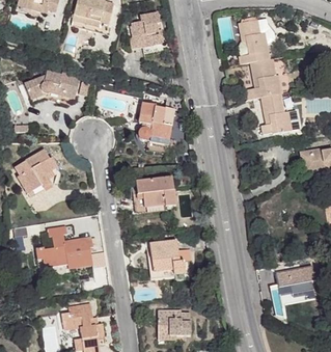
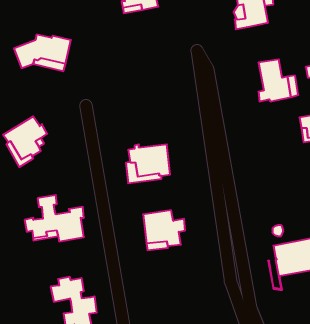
building: [246,59,280,100] -> none
building: [138,102,171,141] -> none
building: [158,310,190,335] -> none

